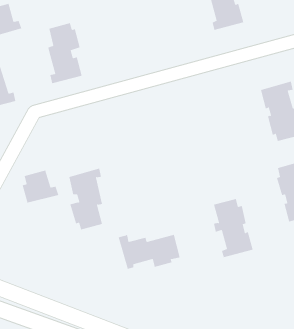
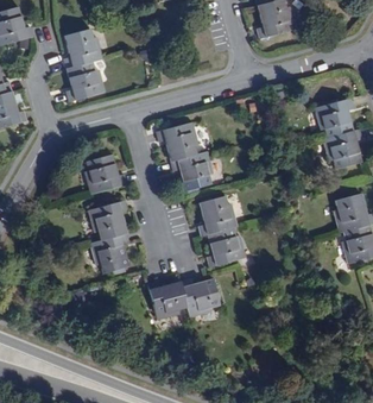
building: none -> [157,122,213,191]
building: [22,170,59,203] -> [84,155,128,194]
building: [213,198,254,258] -> [198,196,246,266]

